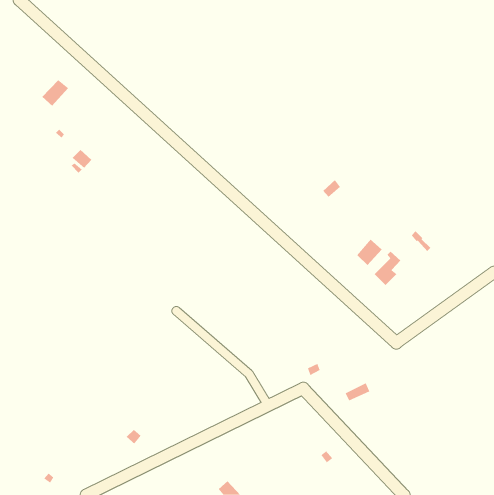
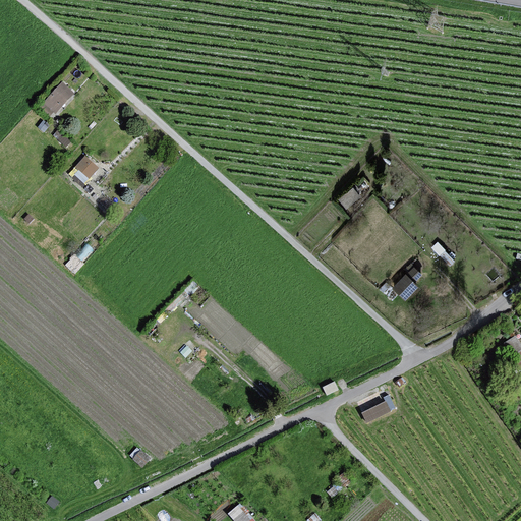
building: [357,239,382,266] -> none

